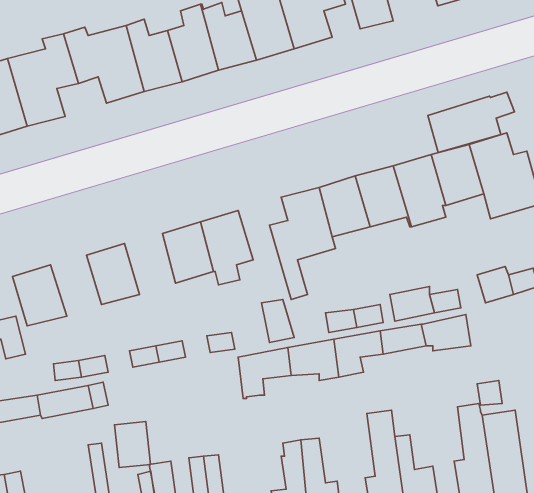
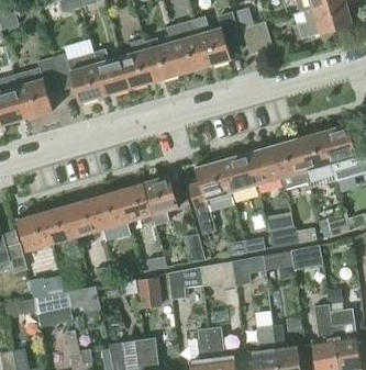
building: [428,92,514,153] -> none
building: none -> [91,191,125,232]
building: none -> [42,205,76,246]
building: [114,421,151,468] -> [136,278,160,309]

